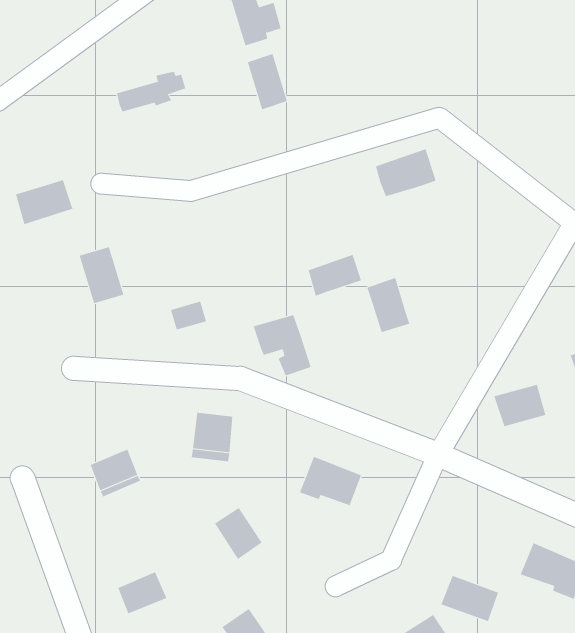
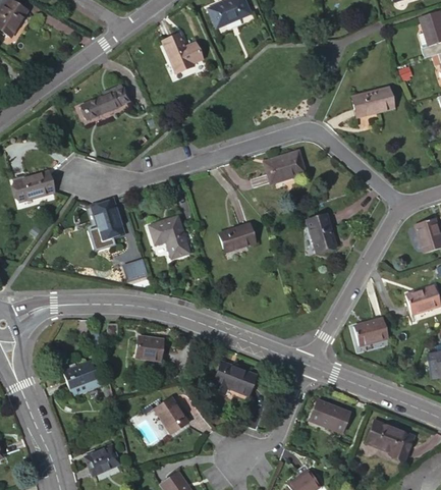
building: none -> [345,83,390,115]
building: [247,53,287,110] -> none
building: [79,247,124,304] -> [97,203,128,242]
building: [366,277,410,333] -> [304,210,334,249]
building: [253,315,311,376] -> [153,216,194,259]
building: [440,575,499,622] -> [311,403,351,436]

